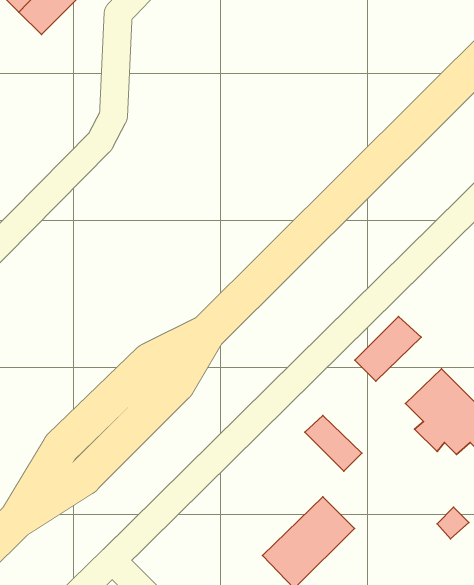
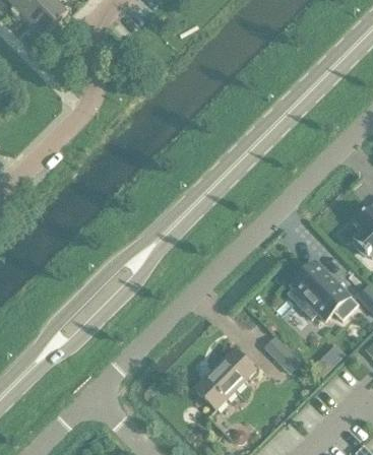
building: [355,316,421,381] -> none
building: [305,416,362,471] -> [262,336,301,374]

